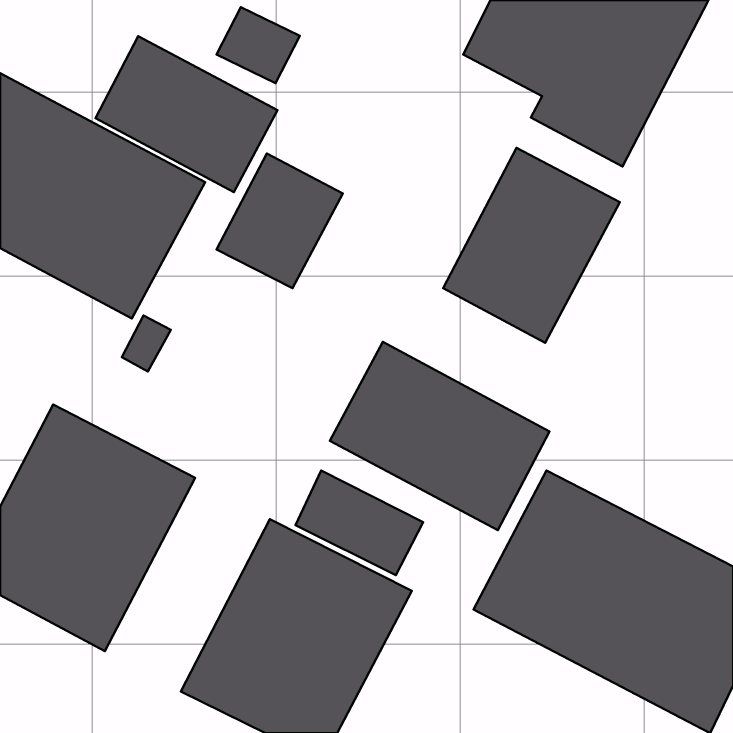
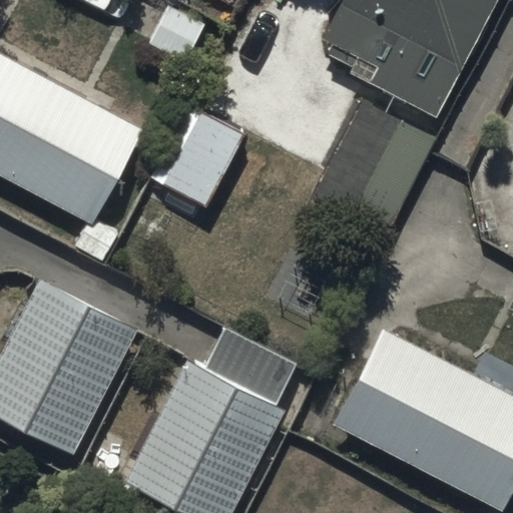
building: [95,36,278,192] -> none
building: [330,342,549,530] -> none

